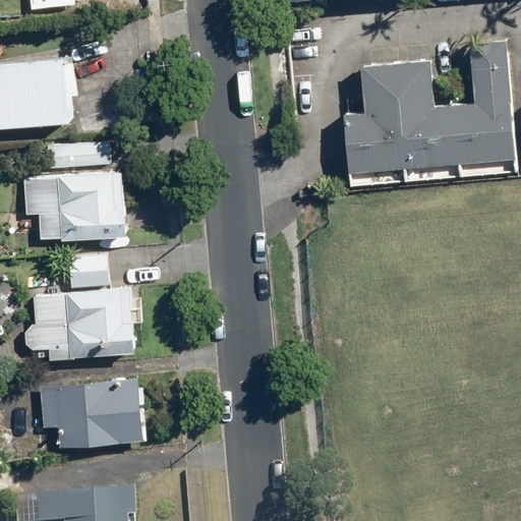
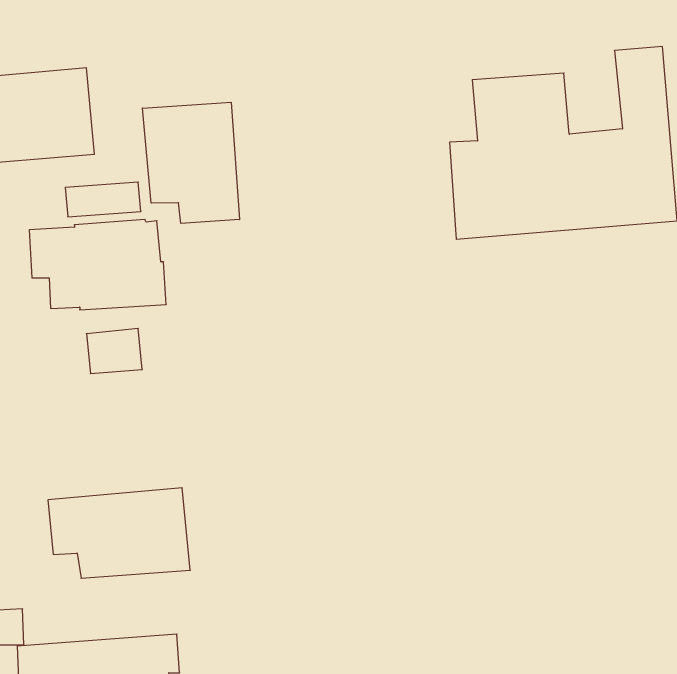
building: none -> [142,102,240,223]
building: [23,288,134,360] -> none

